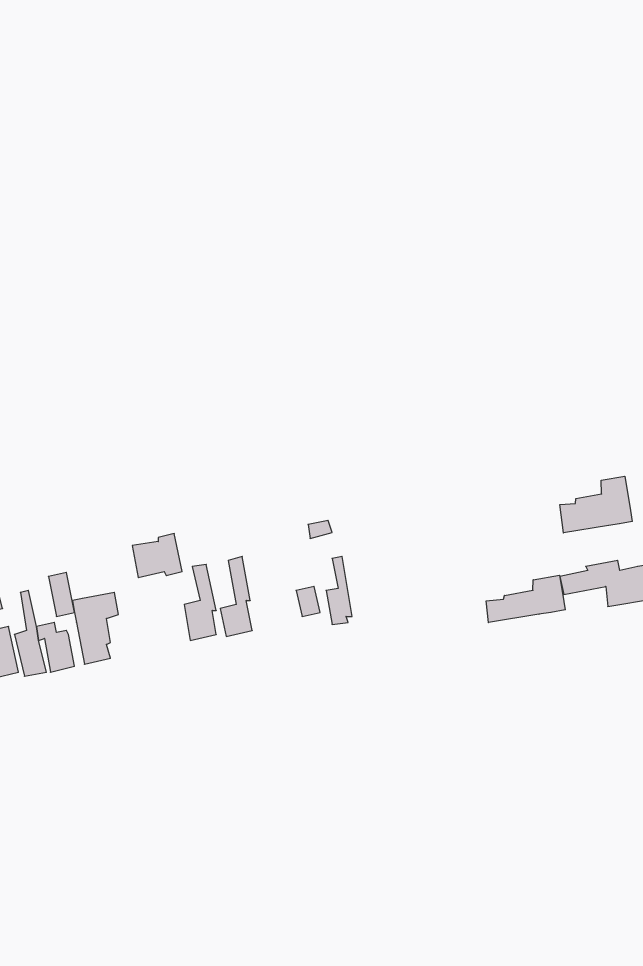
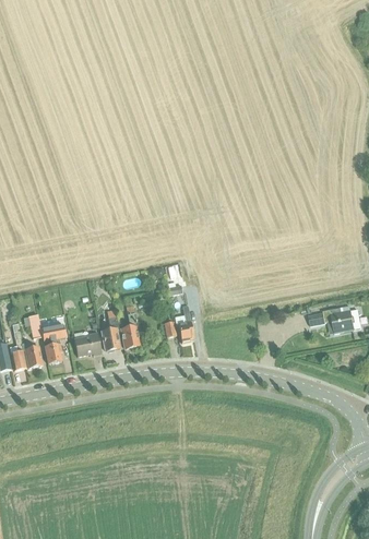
building: [560,476,632,533] -> none
building: [132,534,182,578] -> [73,332,100,356]
building: [486,575,565,623] -> none

